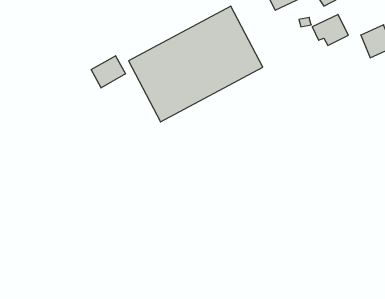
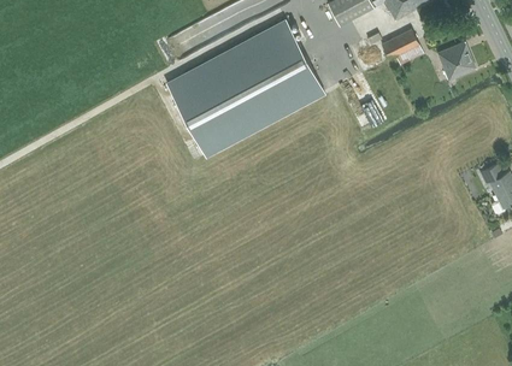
building: [91,56,125,88] -> none

